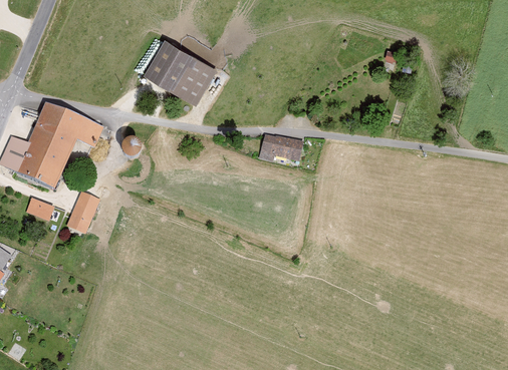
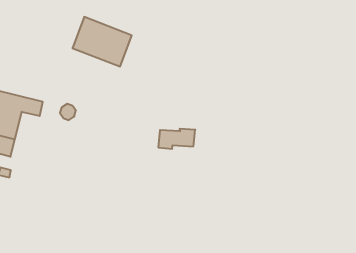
building: [259,135,305,160] -> [158,129,195,149]
building: [66,192,99,235] -> none

